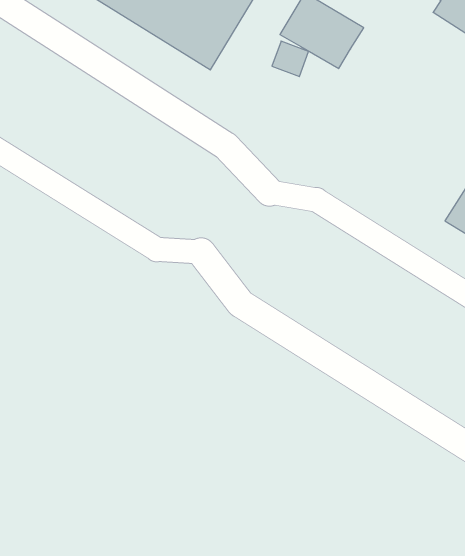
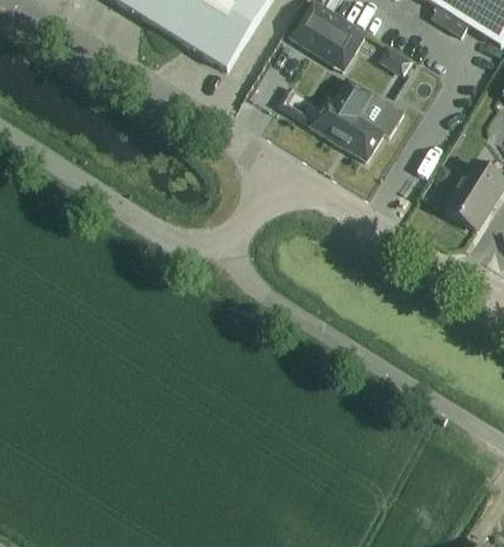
building: none -> [309,77,408,160]

